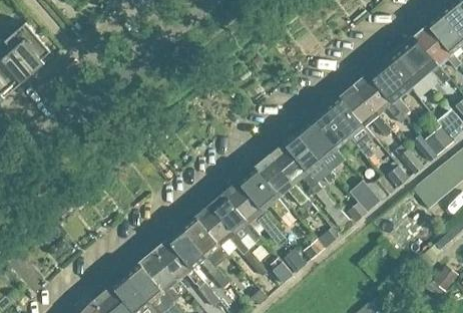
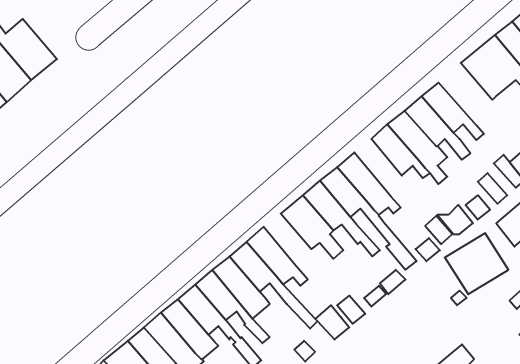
building: [367,58,411,116] -> none
building: [298,120,341,162] -> none
building: [223,182,287,247] -> none

